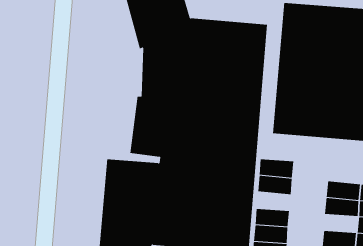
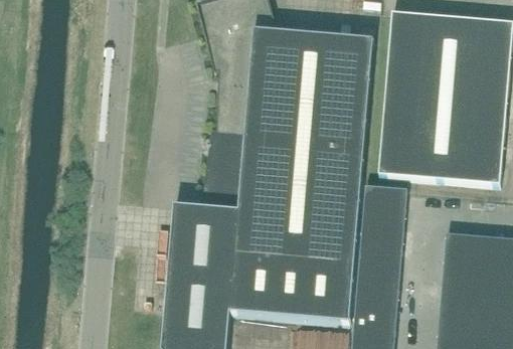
building: none -> [364,184,408,207]
building: none -> [359,244,403,269]
building: none -> [443,273,486,296]

